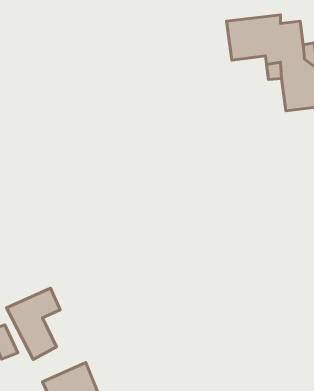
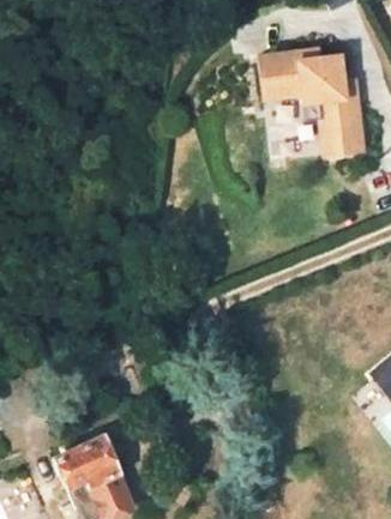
building: [6,288,60,359] -> none

